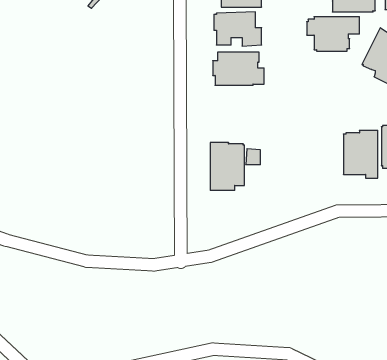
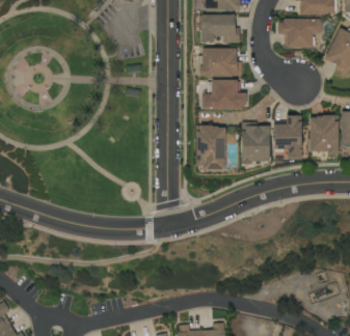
building: none -> [203,79,247,108]
building: none -> [274,115,302,159]
building: none -> [242,121,270,164]

